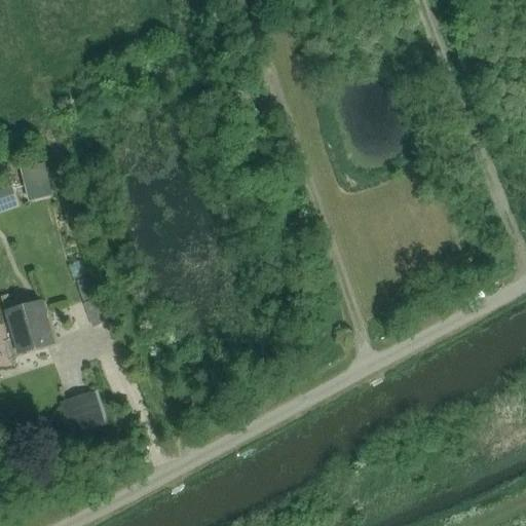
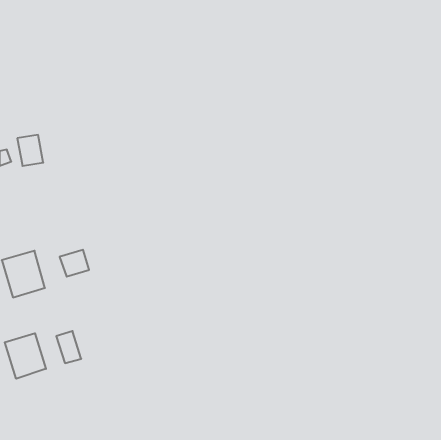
building: none -> [5,333,46,379]

